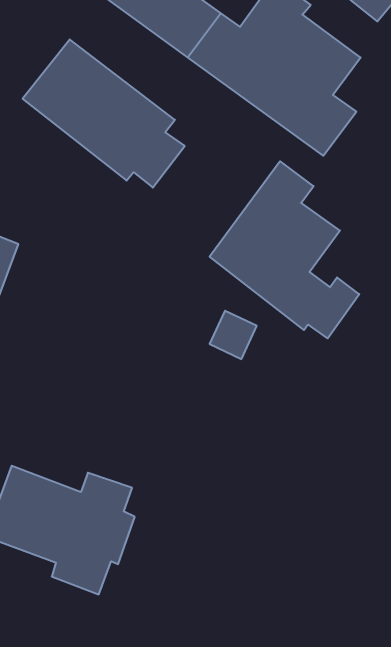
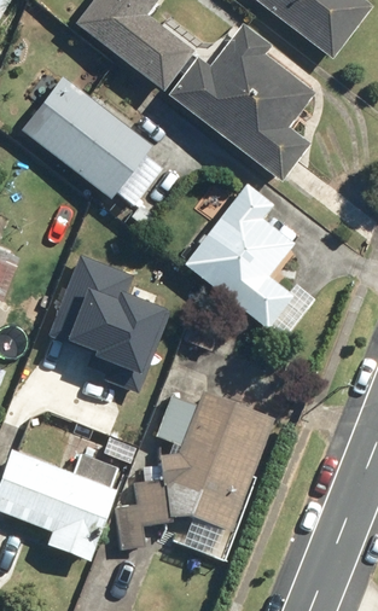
building: none -> [40,252,153,363]
building: none -> [114,386,280,548]

